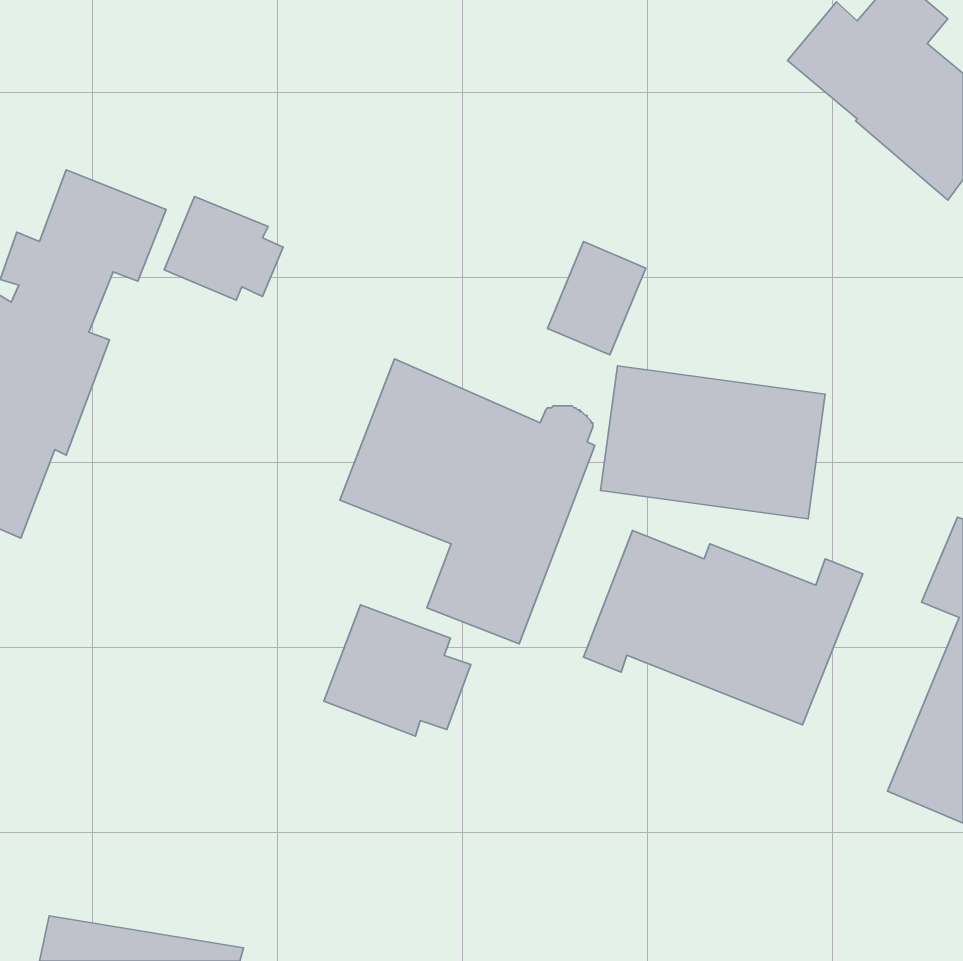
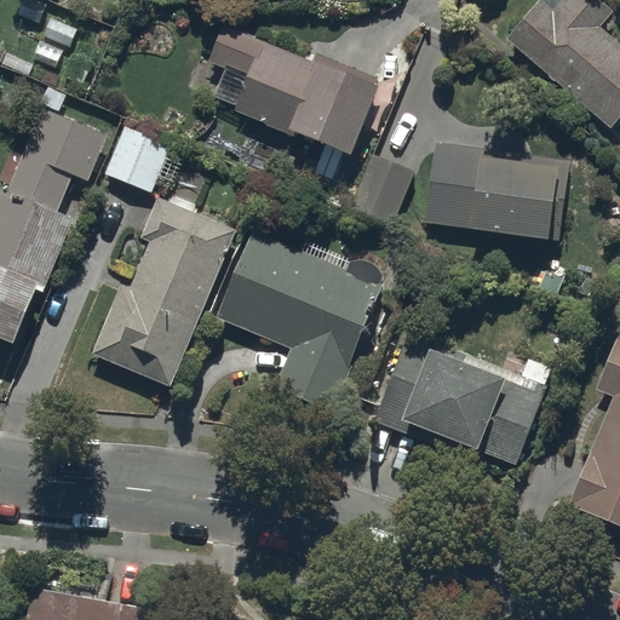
building: none -> [207,24,378,156]
building: none -> [92,199,236,389]
building: [600,366,825,519] -> [426,143,570,241]
building: [324,605,471,736] -> none

